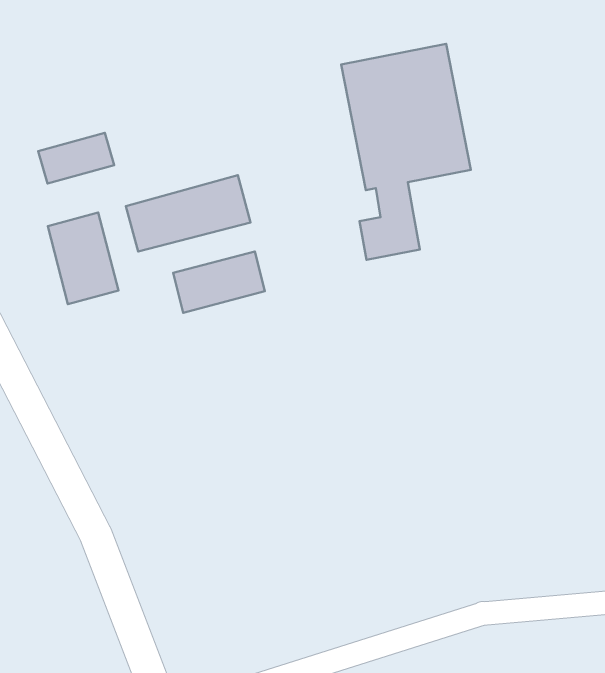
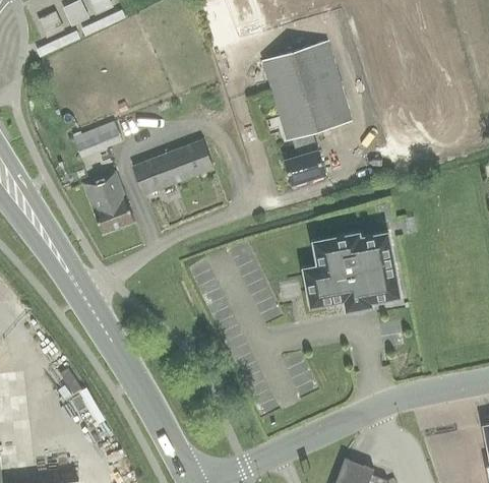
building: [173,251,265,313] -> none
building: none -> [303,234,400,311]

